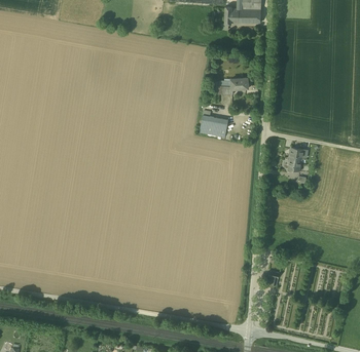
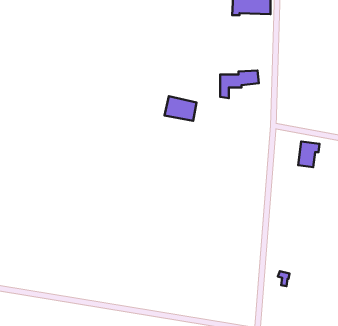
building: [199,114,229,138] -> [164,96,196,121]

